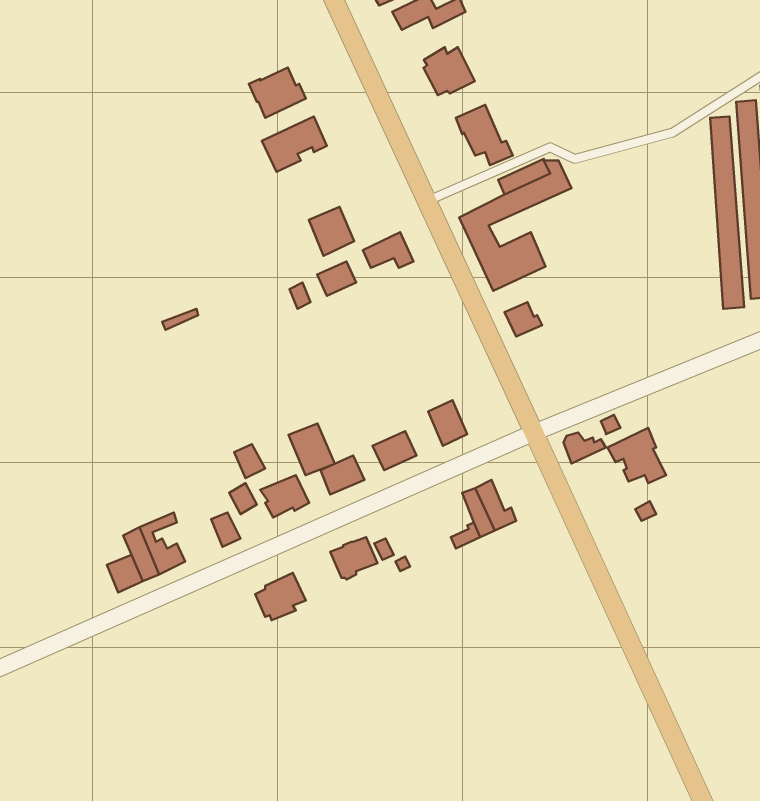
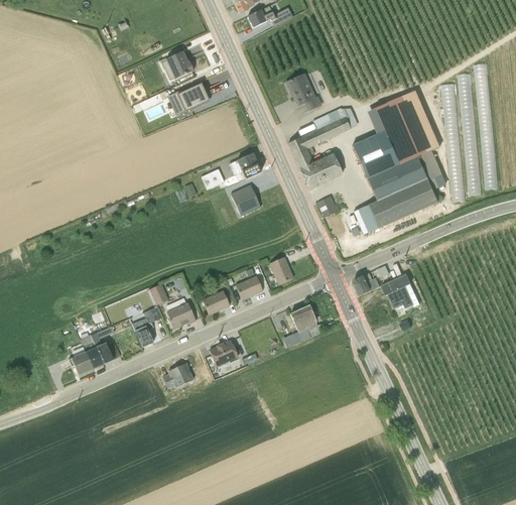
building: [423,47,475,95] -> none
building: none -> [351,95,442,238]
building: [309,207,354,256] -> [232,183,260,214]
building: [288,423,335,475] -> none

